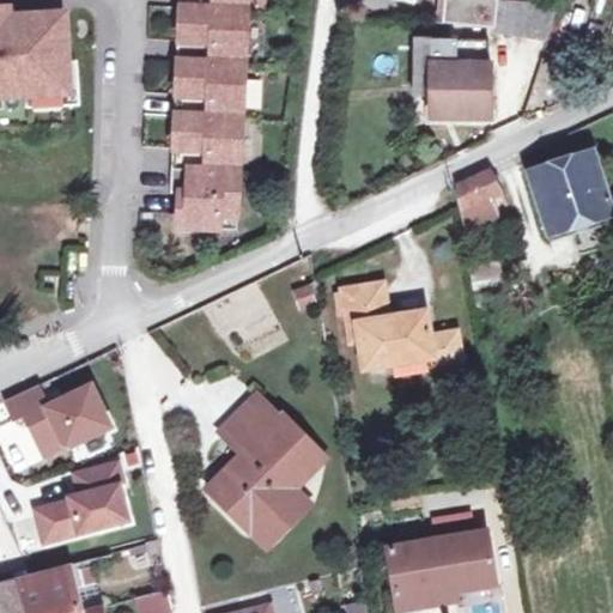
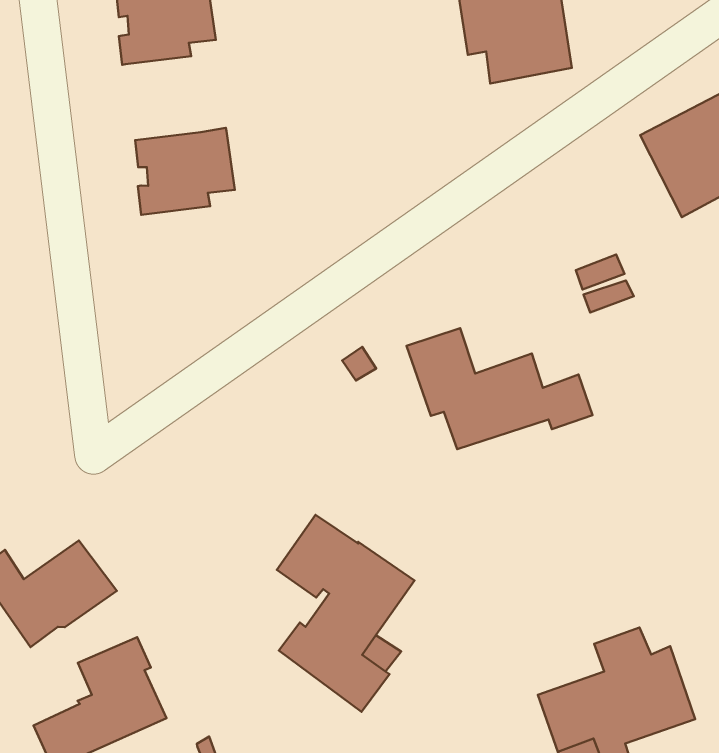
building: [174,60,243,116] -> none
building: [171,166,238,227] -> none
building: [456,169,499,235] -> none

